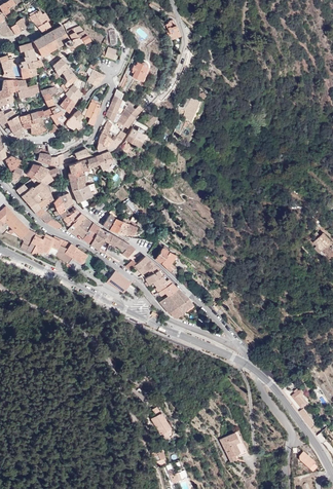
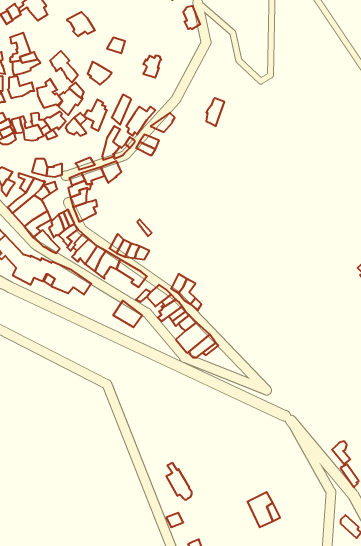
building: [31,25,69,57] -> none

